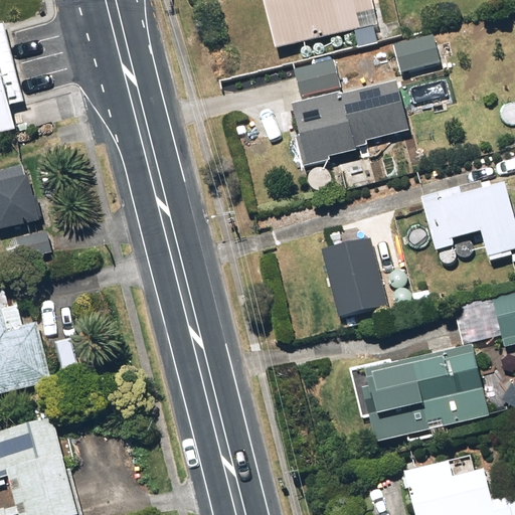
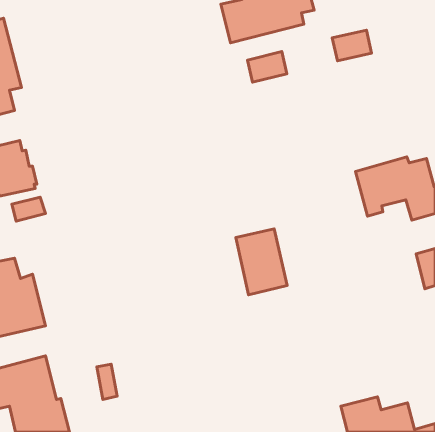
building: [288,81,405,168] -> none
building: [325,230,385,308] -> [236,229,287,295]
building: [368,341,497,428] -> none

